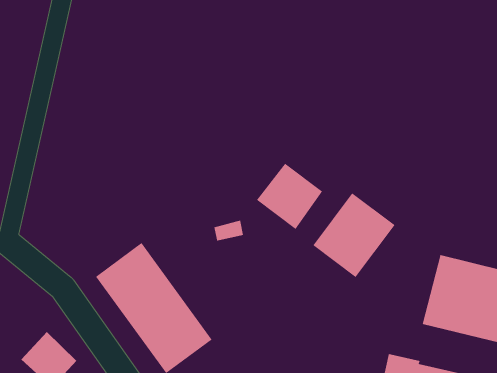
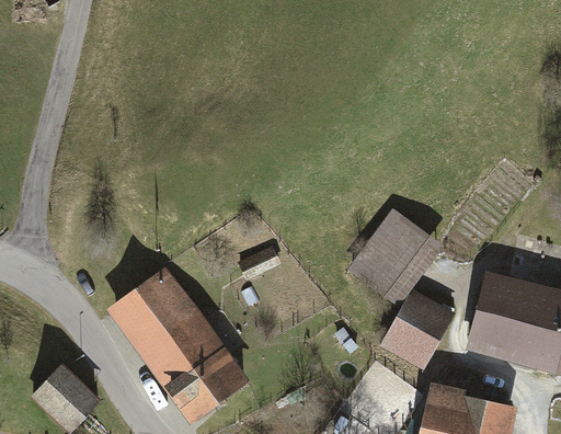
building: [256,163,323,230] -> none
building: none -> [385,292,455,368]

